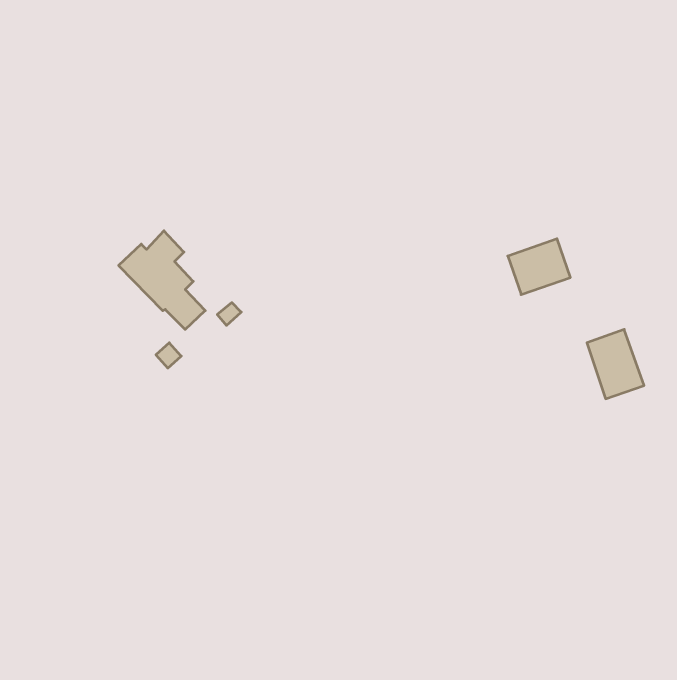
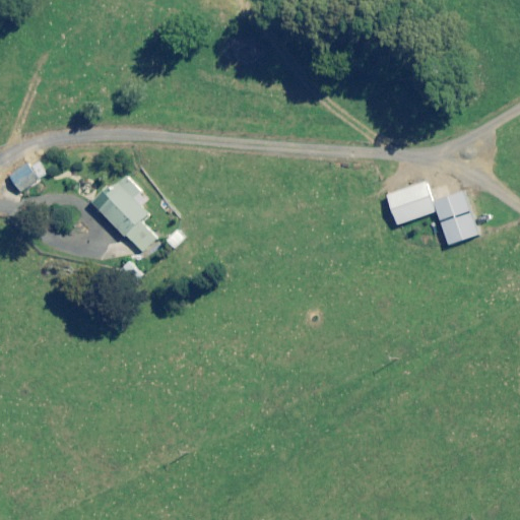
building: none -> [9,164,38,191]
building: [587,329,644,399] -> [434,192,477,245]

